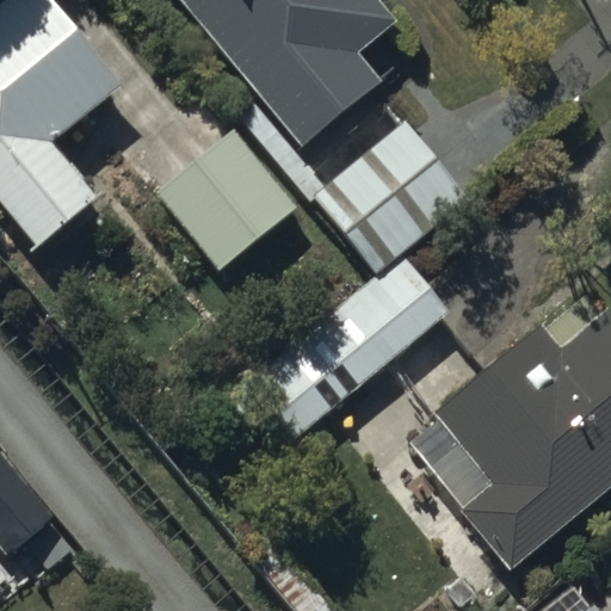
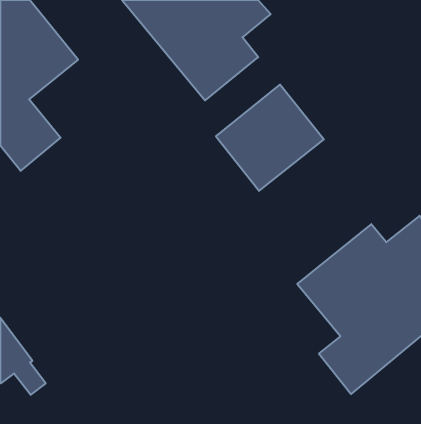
building: [156,131,300,272] -> none
building: [248,258,450,440] -> none

